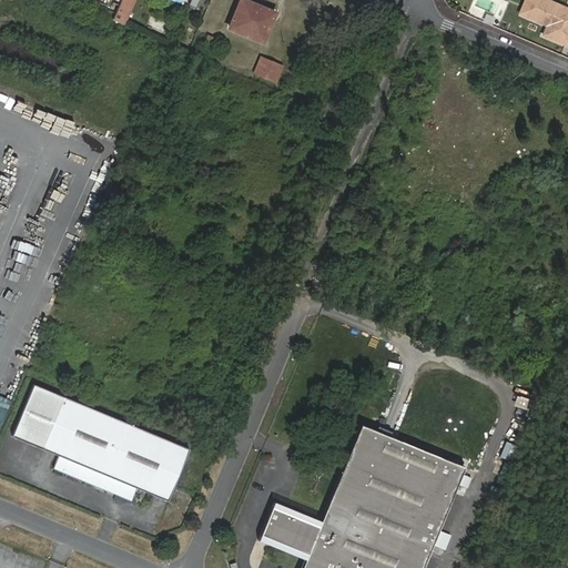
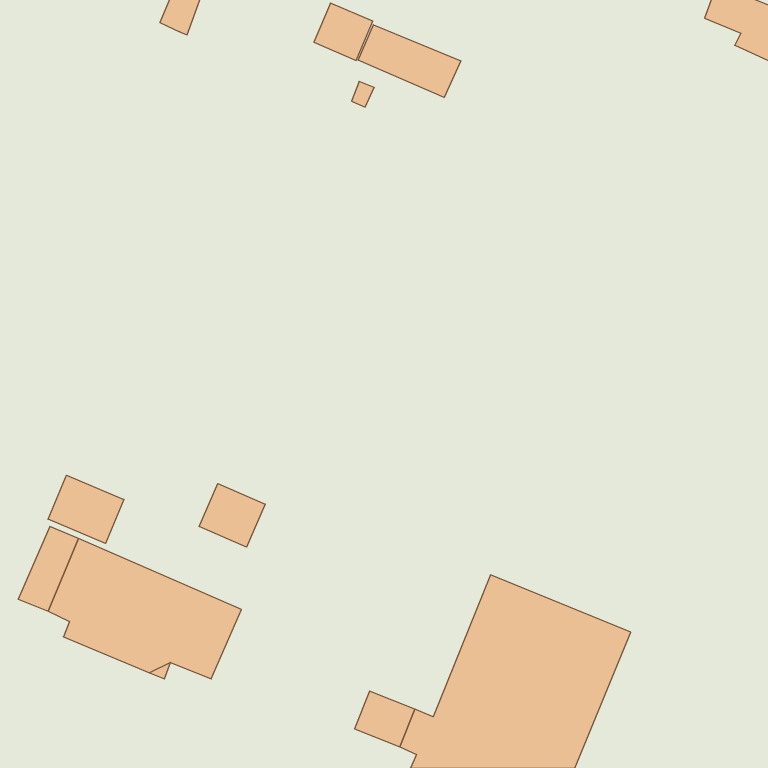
building: none -> [358,25,461,97]
building: none -> [48,475,124,543]
building: none -> [199,484,265,547]

